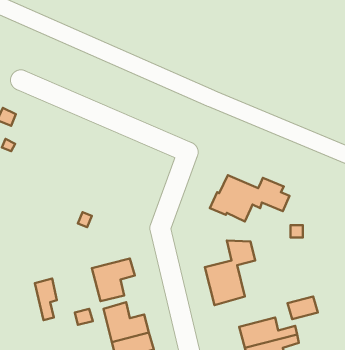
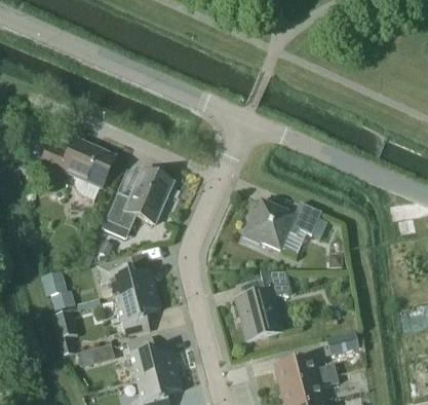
building: none -> [40,139,116,201]
building: none -> [107,169,173,230]
building: none -> [98,257,156,300]
building: none -> [42,270,76,310]

